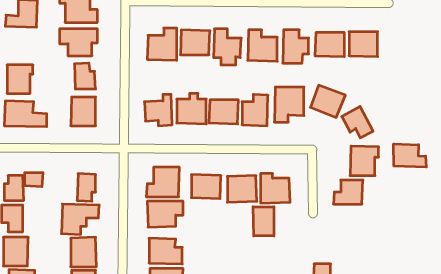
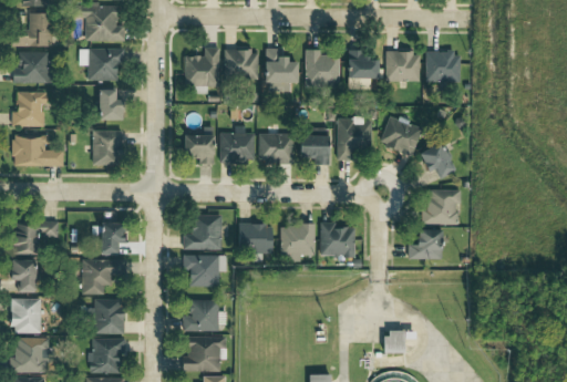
building: none -> [12,52,53,83]
building: [394,144,426,167] -> none
building: [253,207,274,236] -> none

